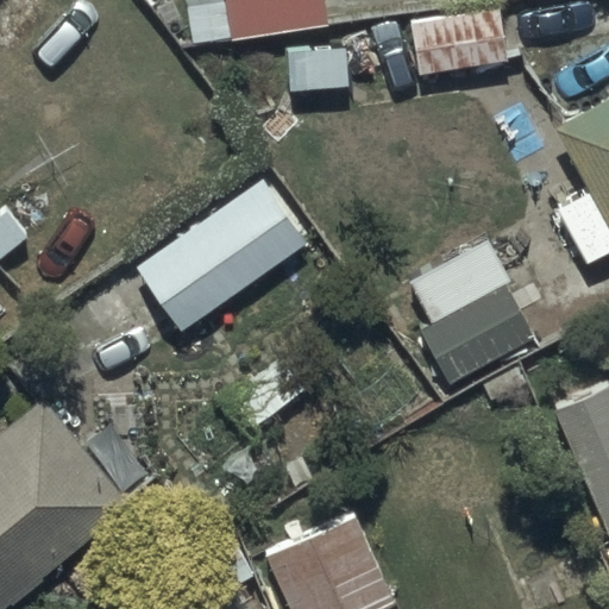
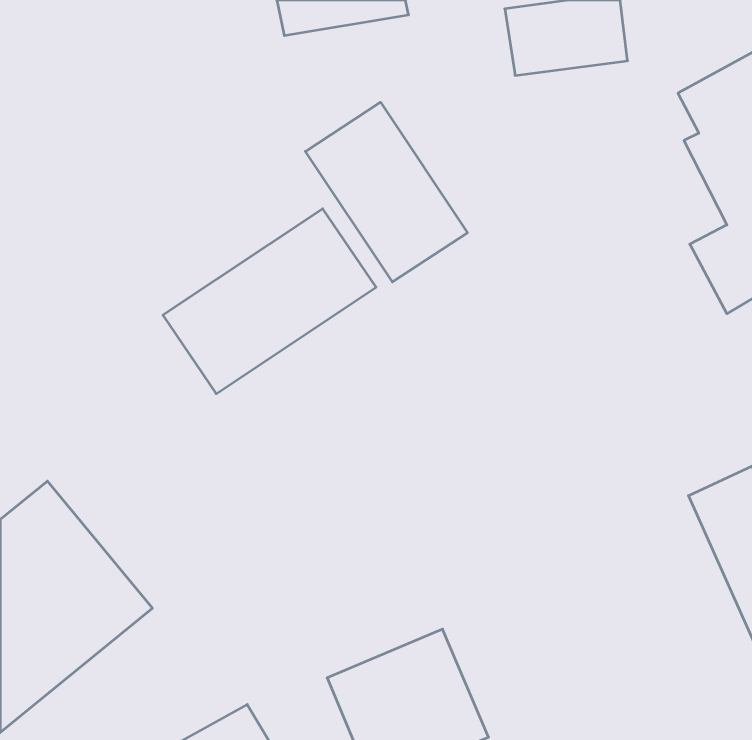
building: none -> [305,102,467,282]
building: [408,237,534,383] -> none

